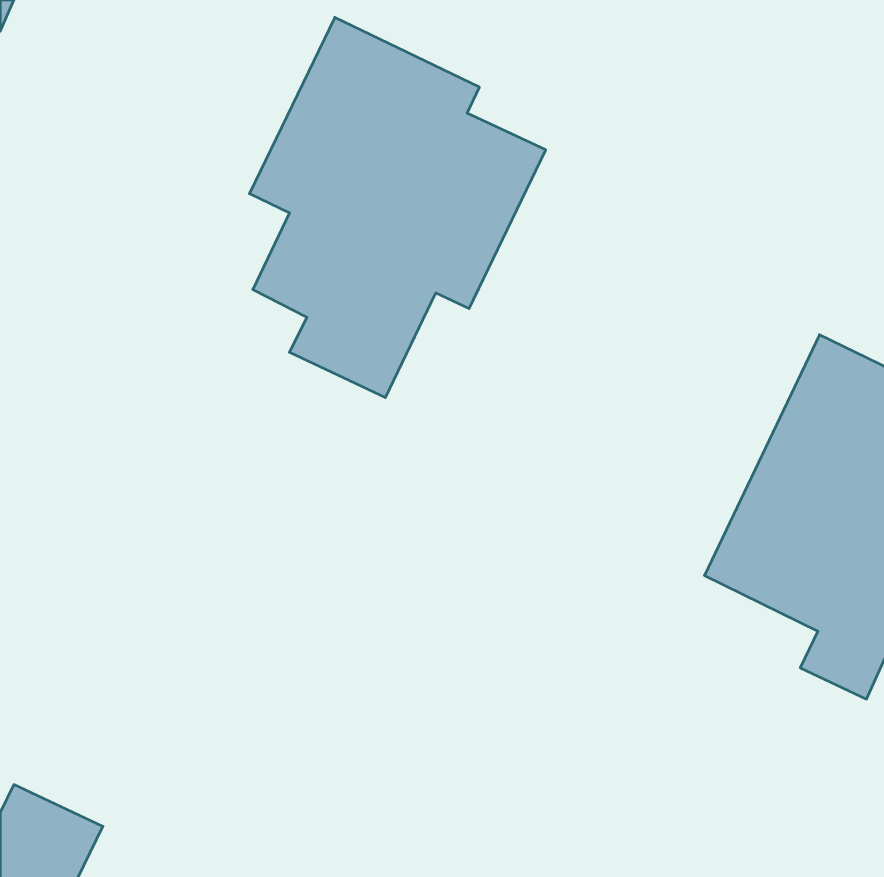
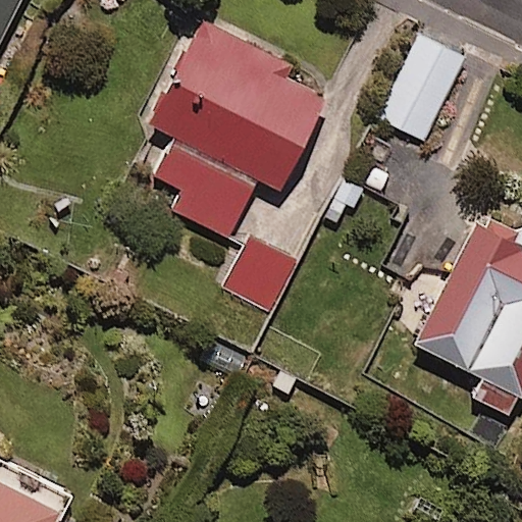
building: none -> [381,37,466,145]

